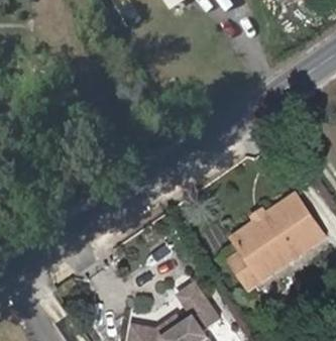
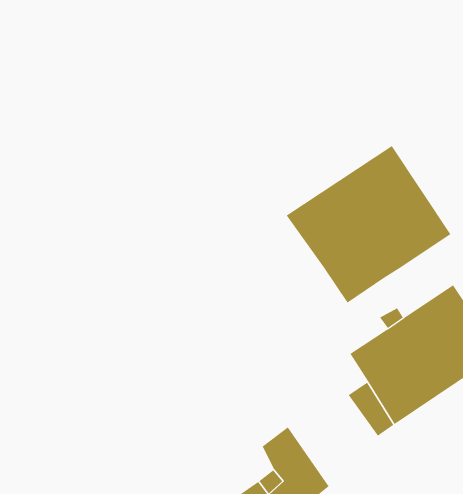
building: none -> [286,145,451,304]

